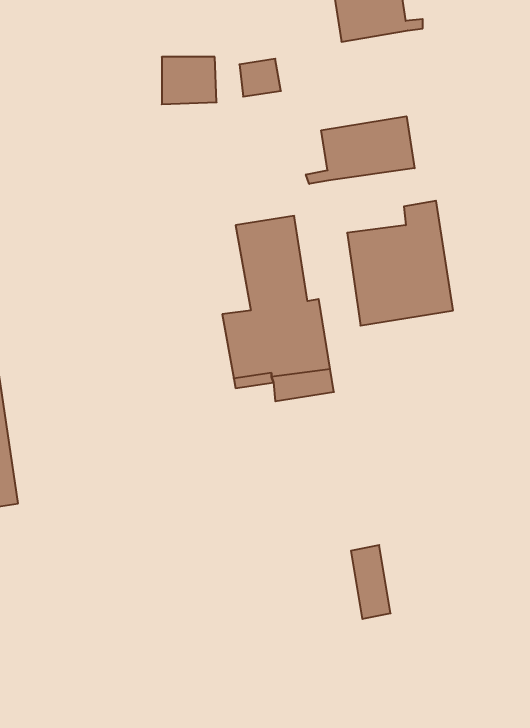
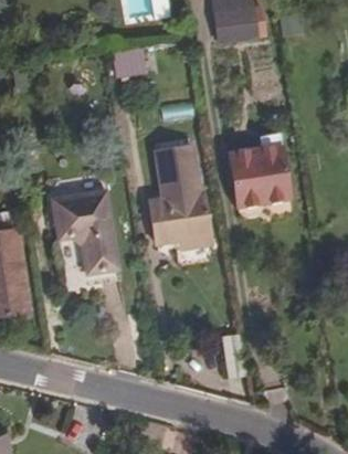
building: [306,116,415,184] -> none
building: none -> [54,190,120,273]

